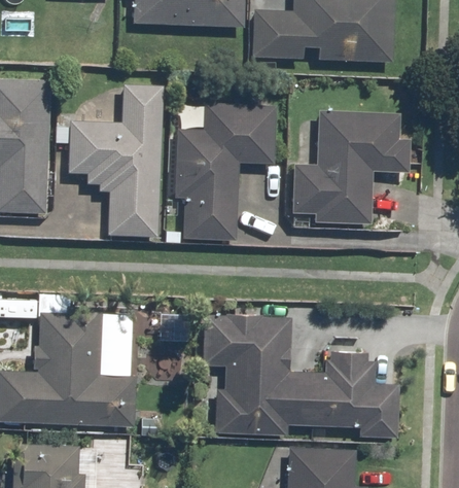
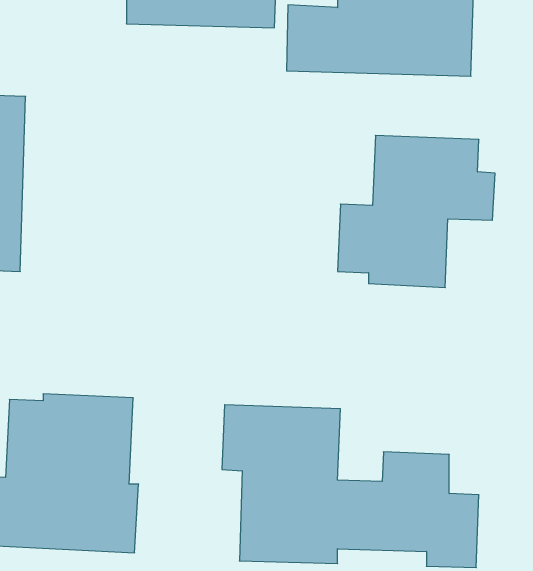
building: [68,83,165,236] -> none
building: [168,103,278,240] -> none

